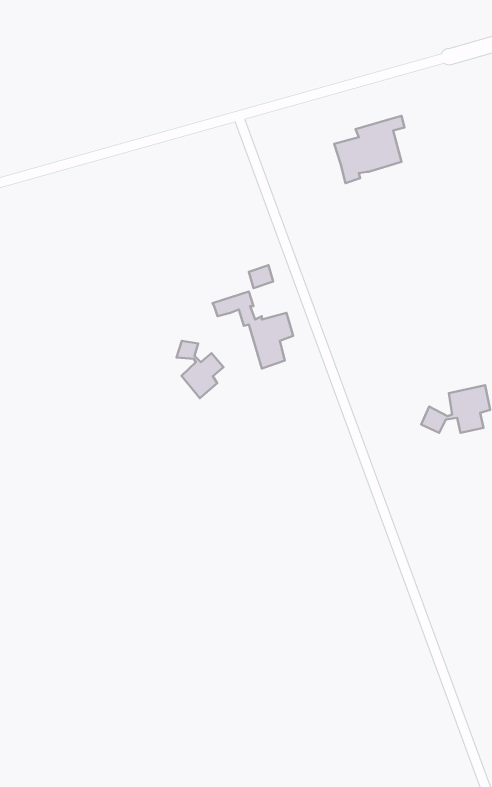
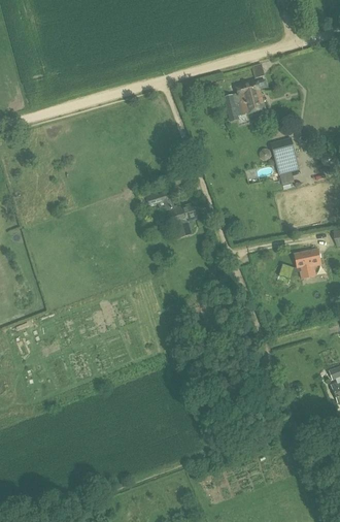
building: none -> [271,137,300,173]
building: [177,341,223,398] -> none

